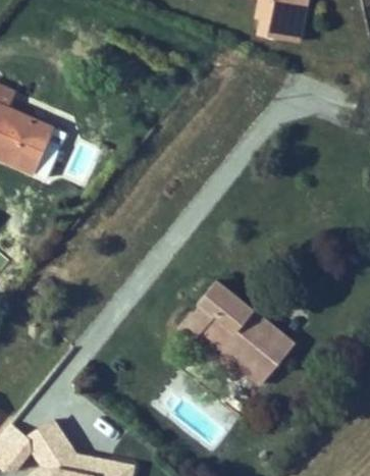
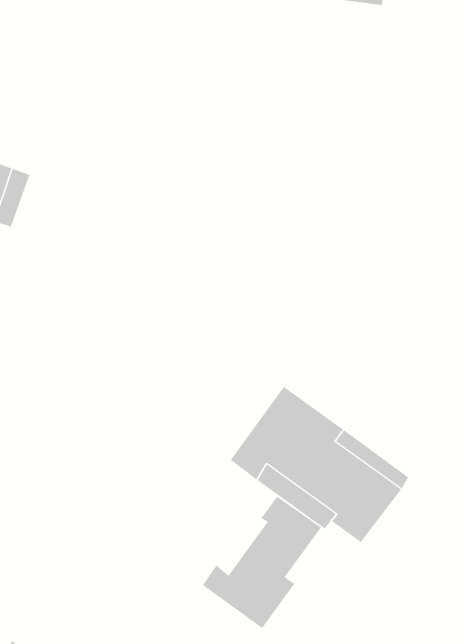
building: none -> [202,496,322,629]

